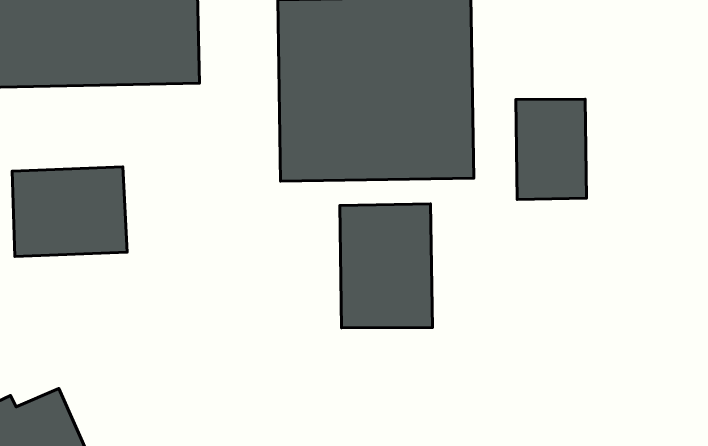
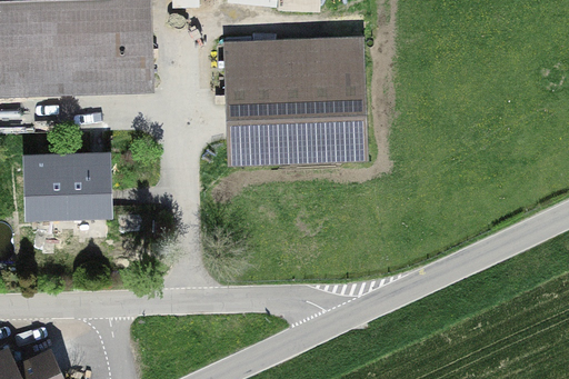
building: [516,99,587,199] -> none
building: [340,204,432,328] -> none

